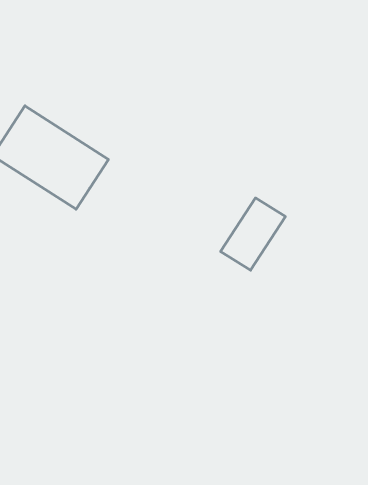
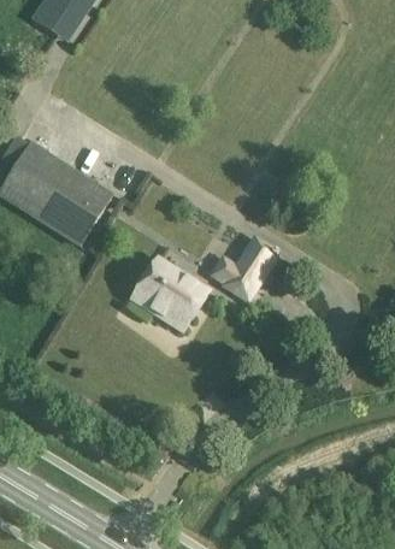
building: none -> [132,259,208,330]

